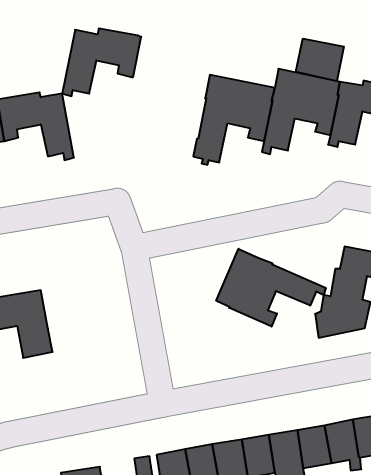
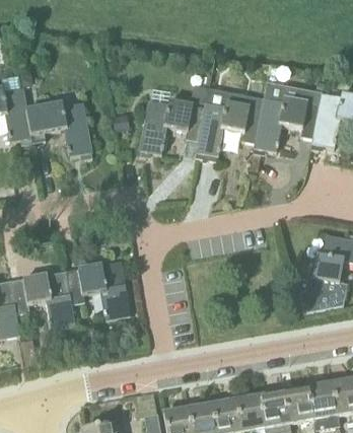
building: [62,29,141,96] -> [138,99,206,157]
building: [296,39,344,81] -> none
building: [216,249,326,327] -> none
building: none -> [64,261,129,318]

